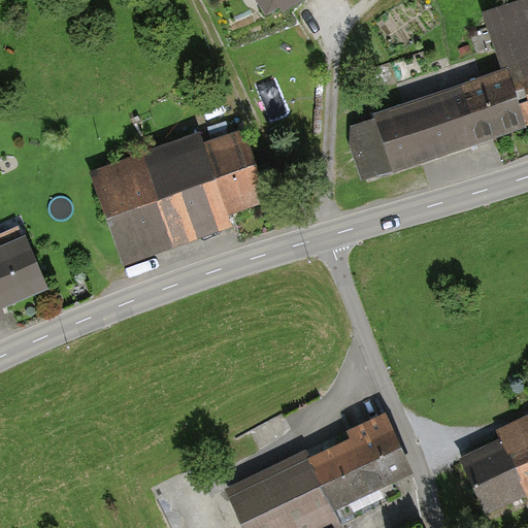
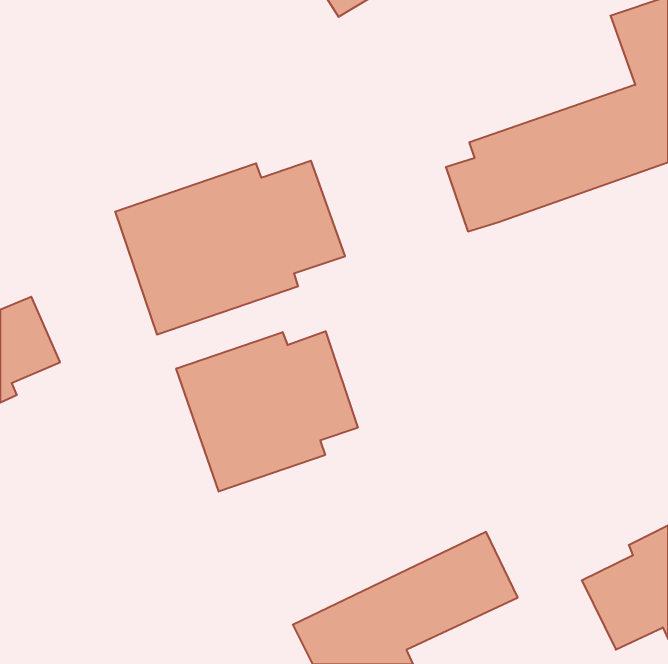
building: none -> [176,331,358,492]

